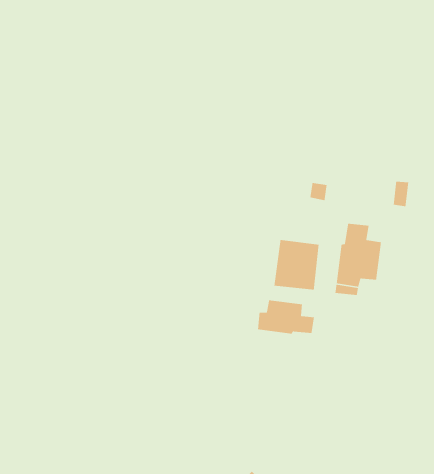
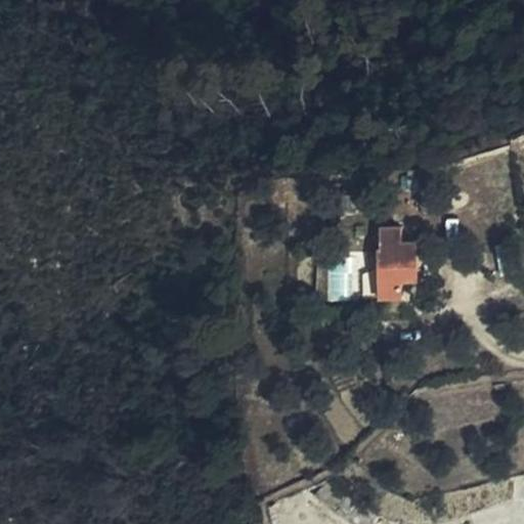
building: [257,299,315,334] -> none

